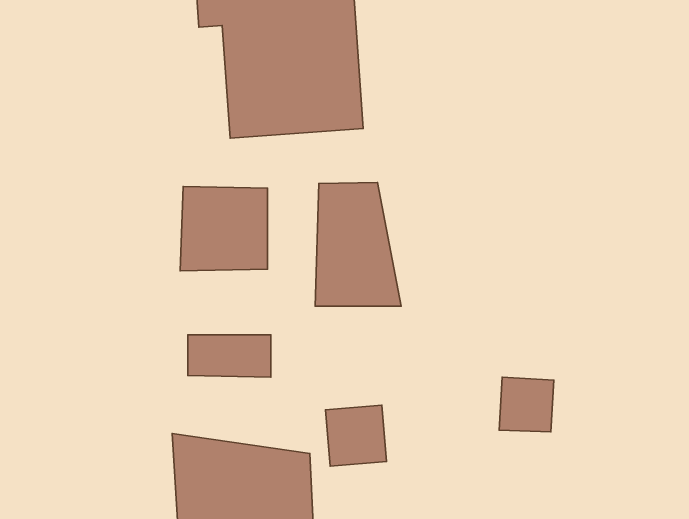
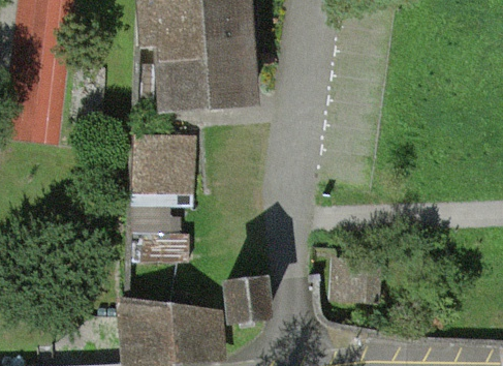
building: [315,182,401,306] -> none

